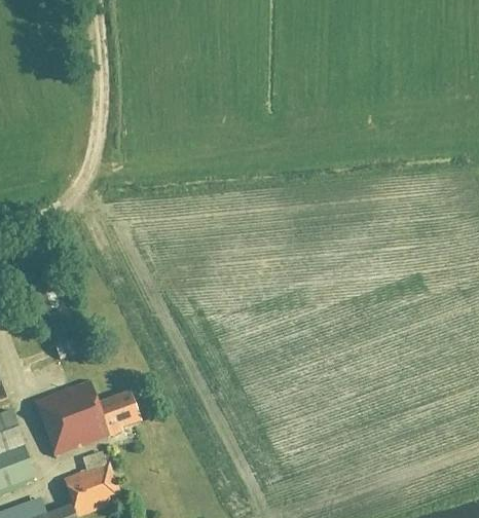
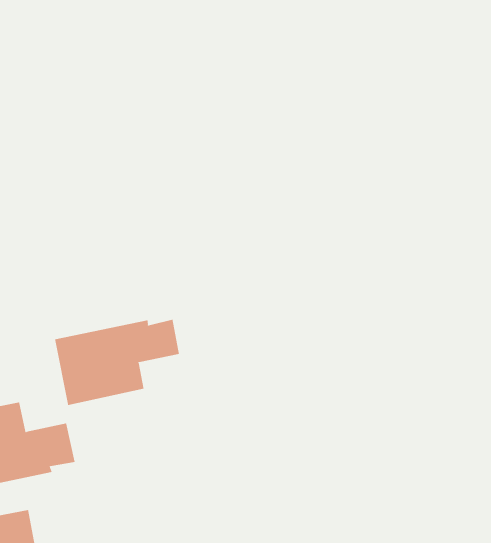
building: none -> [54,319,180,406]

